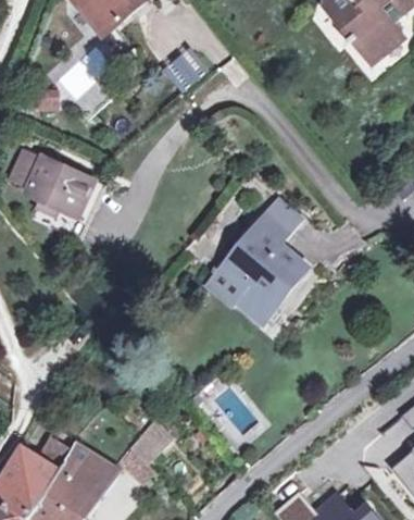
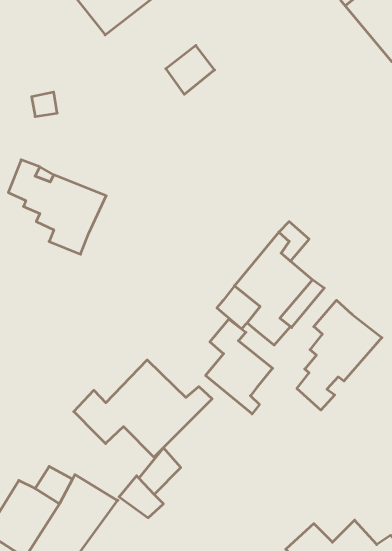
building: none -> [297,300,382,410]
building: none -> [206,319,273,414]
building: none -> [74,360,212,457]

